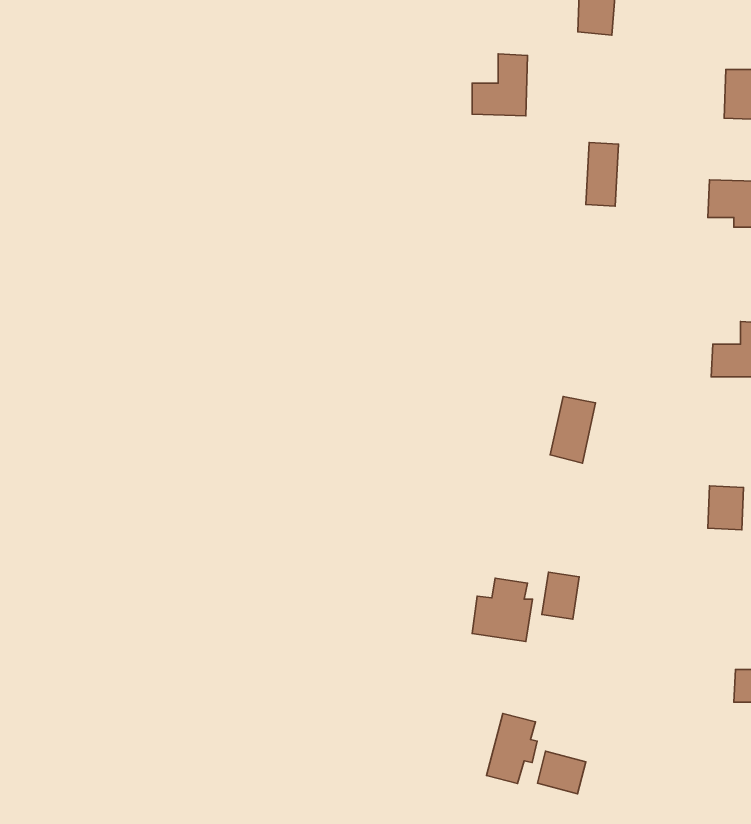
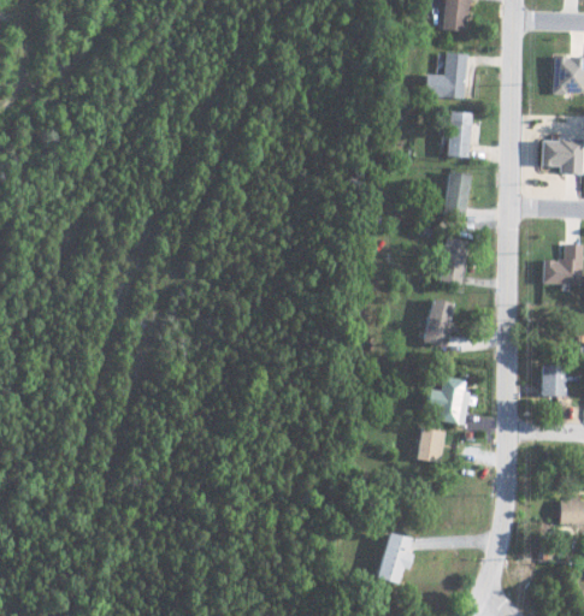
building: [472,54,527,116] -> [426,53,467,99]
building: none -> [446,172,472,218]
building: none -> [441,237,467,284]
building: [472,578,532,642] -> [425,377,470,424]
building: [538,751,586,794] -> none

